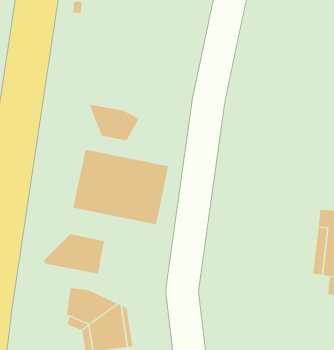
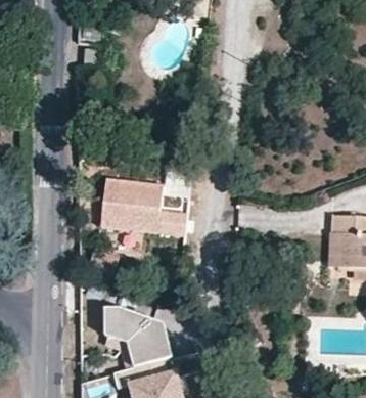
building: [89,104,139,141] -> none
building: [43,233,105,275] -> none

